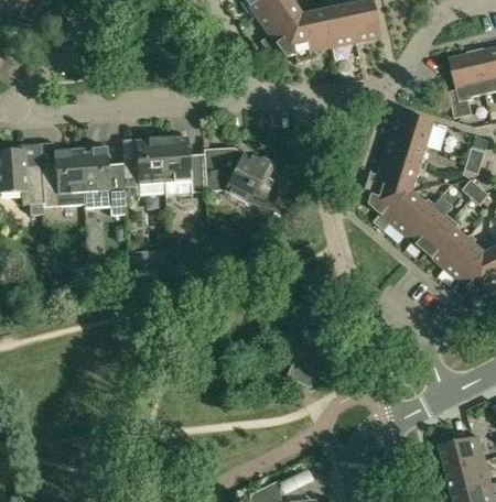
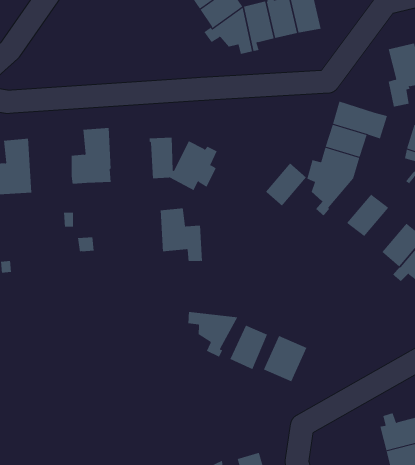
building: [162,134,206,189] -> [160,208,203,261]
building: [79,145,126,218] -> none
building: [388,189,431,234] -> [265,163,307,206]
building: [424,219,467,264] -> none
building: none -> [188,311,238,358]
building: none -> [263,335,307,382]

